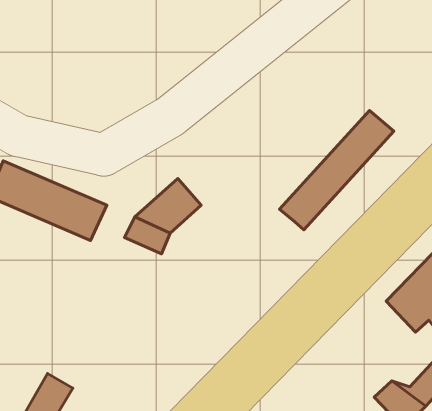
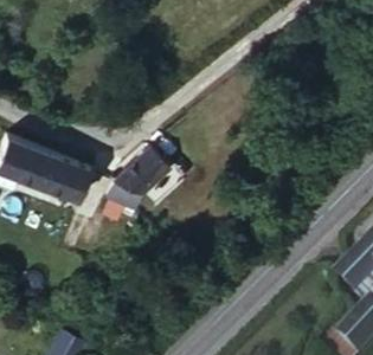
building: [280,111,394,230] -> none

